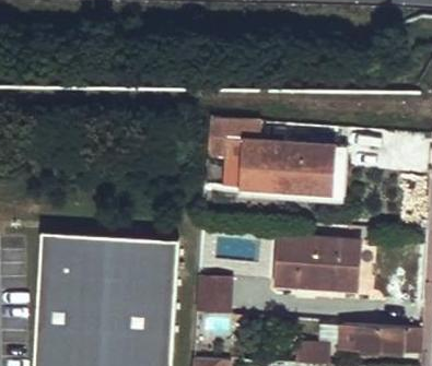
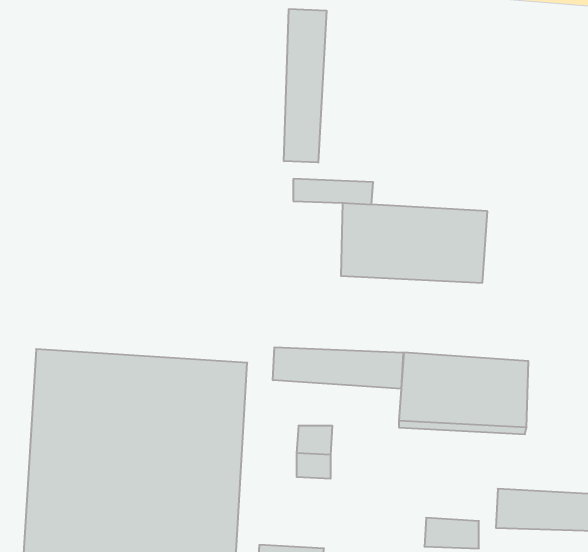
building: none -> [284,9,327,163]
building: none -> [273,347,403,389]

